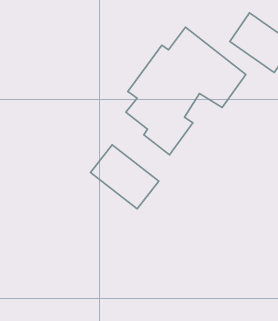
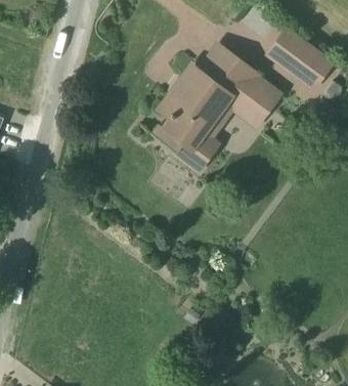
building: [91,145,159,209] -> none

